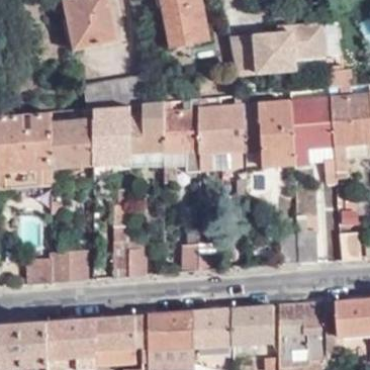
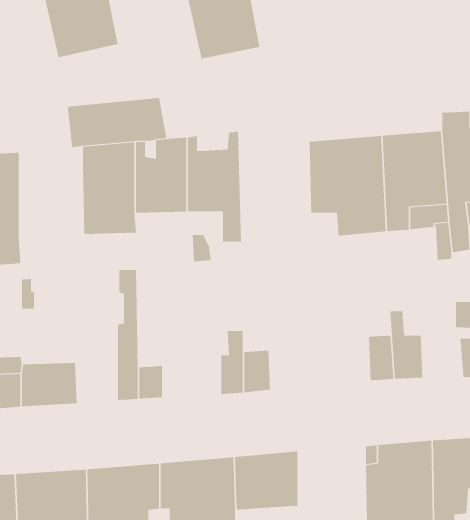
building: [230,24,326,76] -> none
building: [195,96,243,171] -> none
building: [50,119,92,168] -> none
building: [235,306,273,346] -> none

